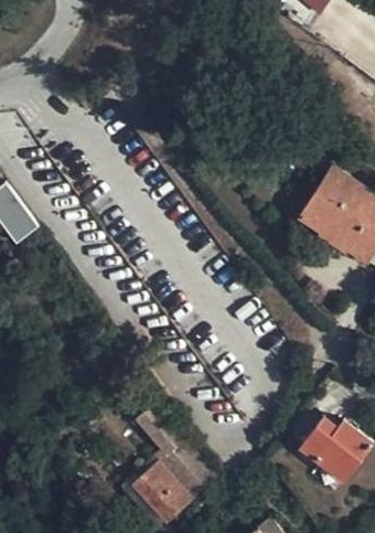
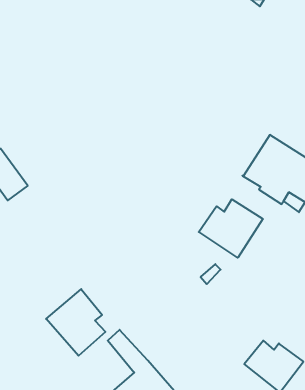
building: none -> [199,199,263,258]
building: none -> [46,289,105,356]

